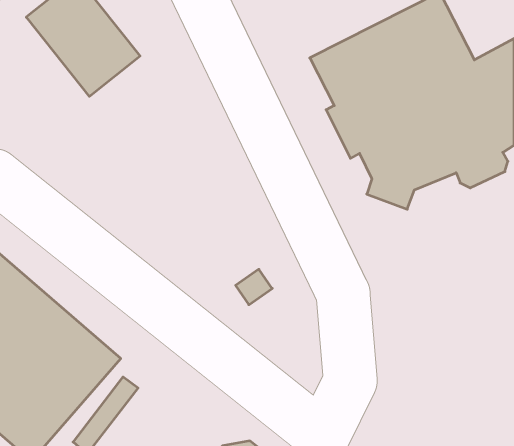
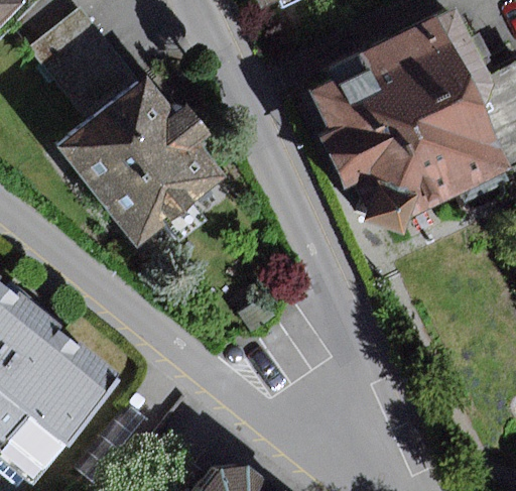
building: none -> [56,77,222,245]

